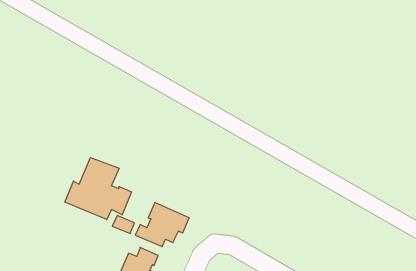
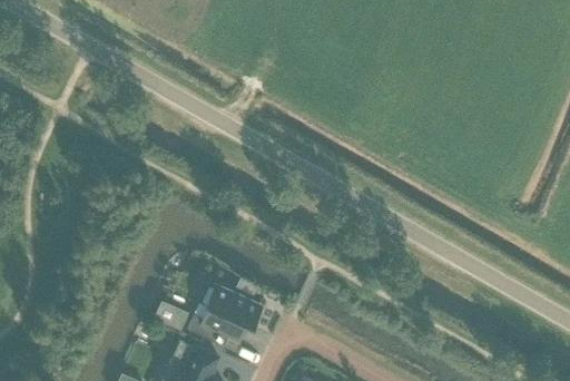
building: [65,158,131,220] -> none

